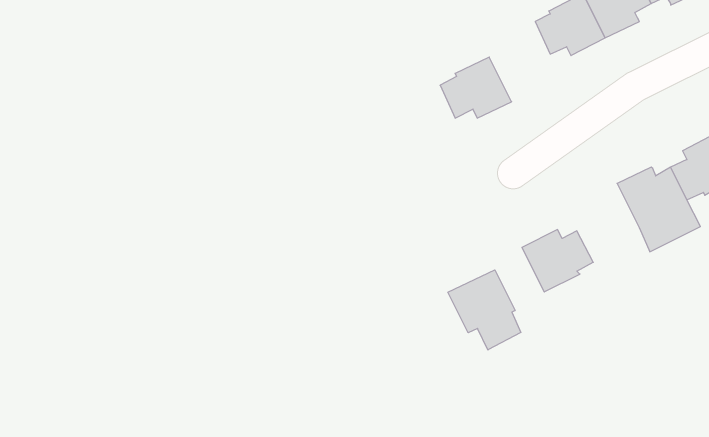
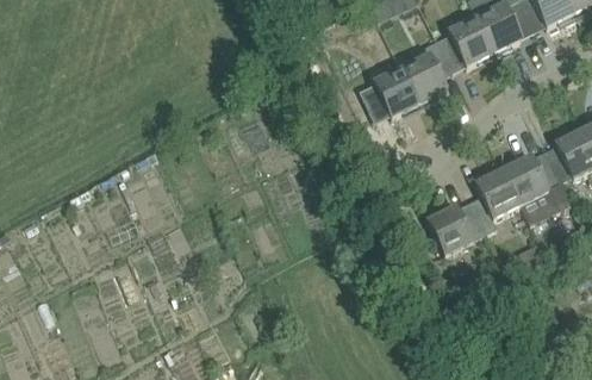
building: none -> [403,38,451,102]
building: none -> [473,168,523,231]
building: [448,270,521,350] -> none

